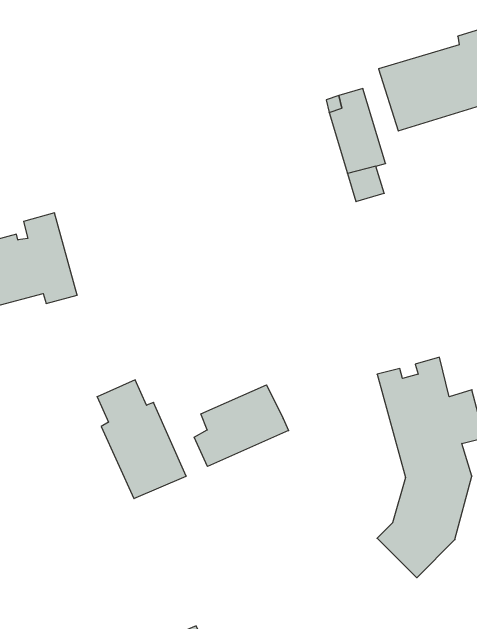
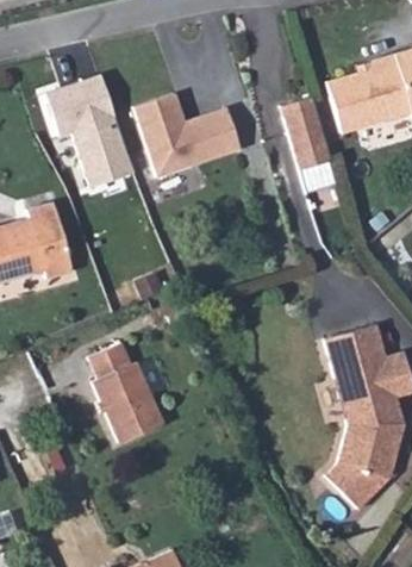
building: none -> [44,74,131,185]
building: none -> [135,93,241,177]
building: [194,385,289,466] -> none

